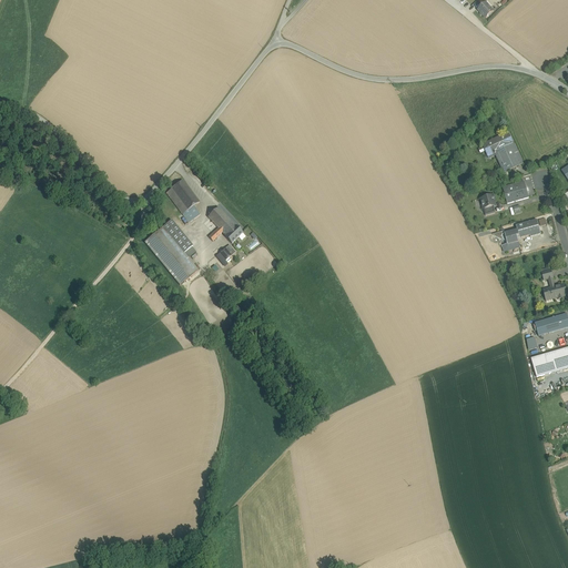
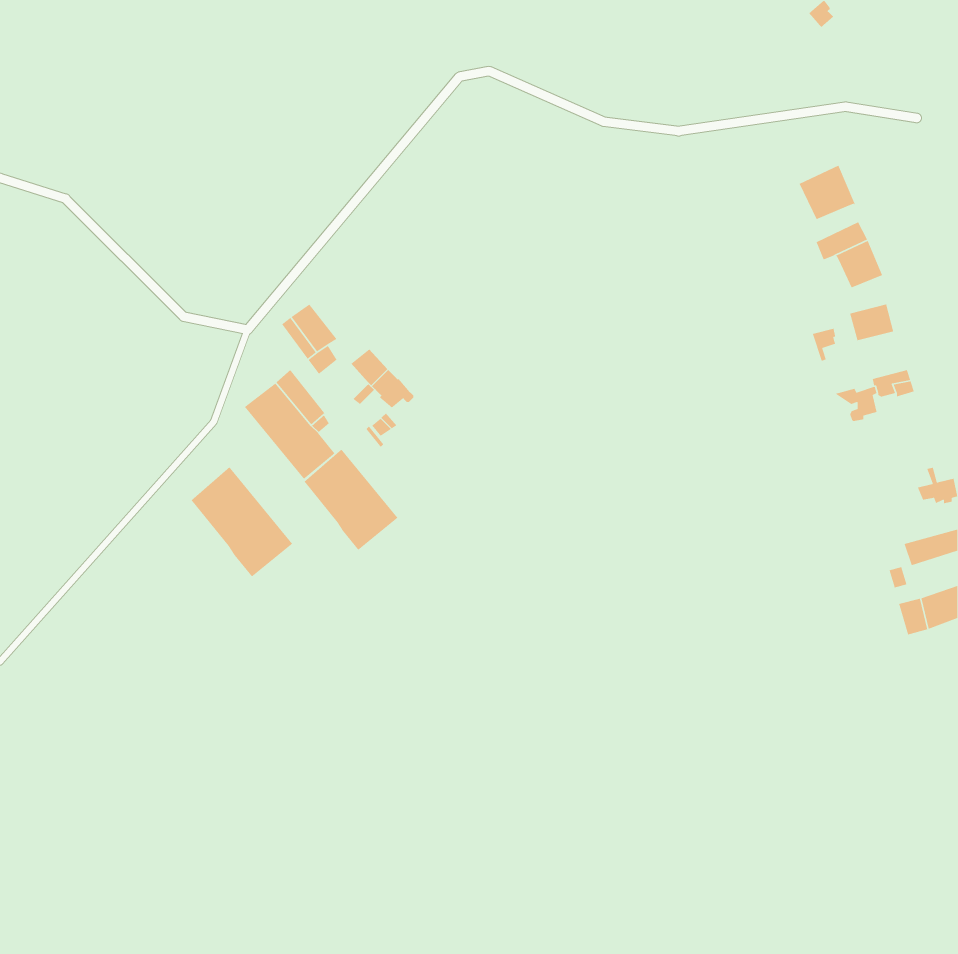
building: none -> [798,164,857,220]
building: none -> [303,448,398,551]
building: none -> [190,466,293,577]

